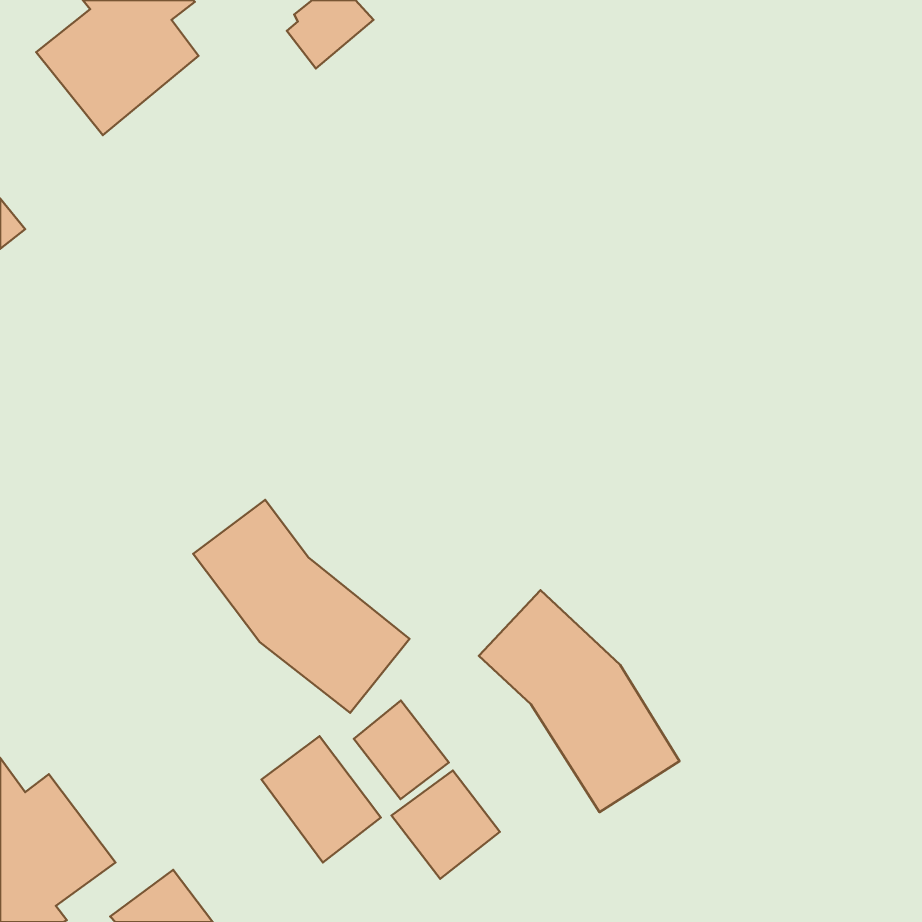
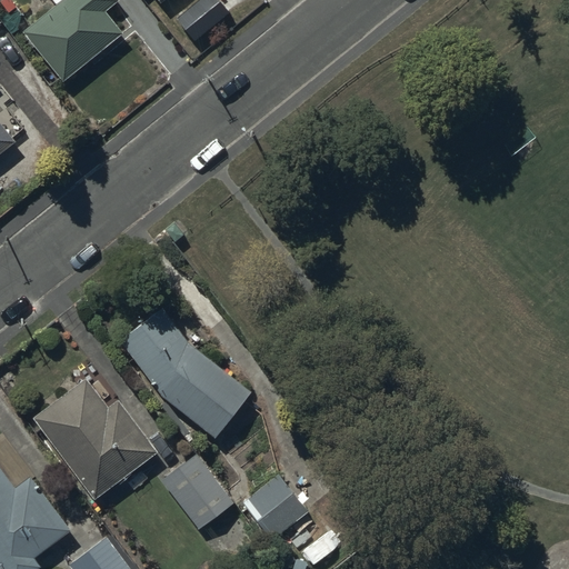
building: [479,590,680,812] -> none
building: none -> [32,378,159,502]
building: [354,700,449,799] -> none

